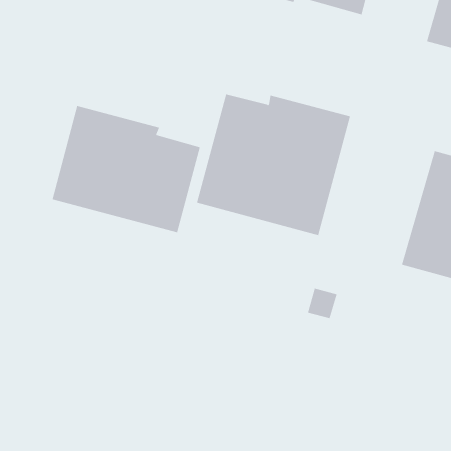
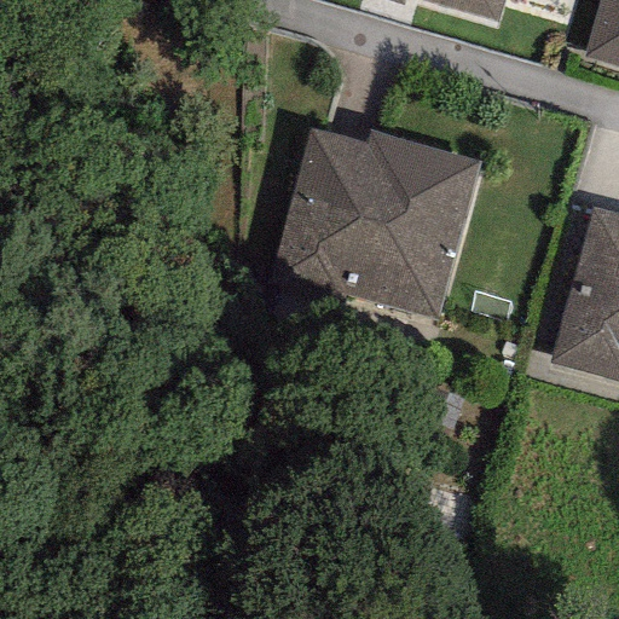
building: [52,105,200,233] -> none

